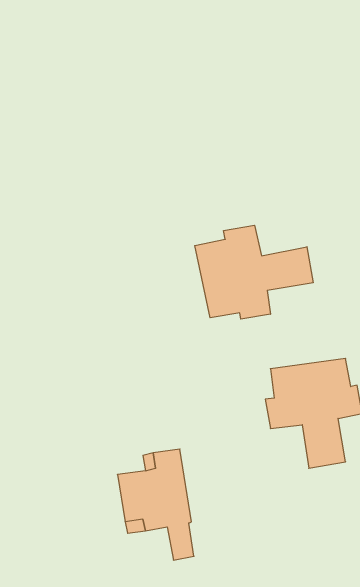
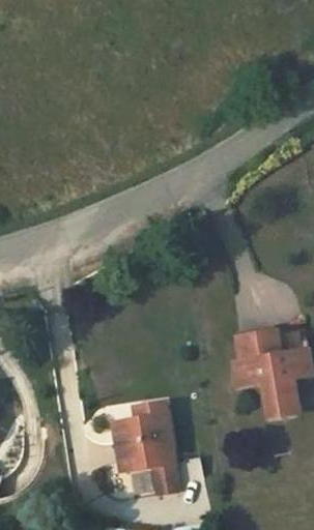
building: [195,225,313,319] -> none

